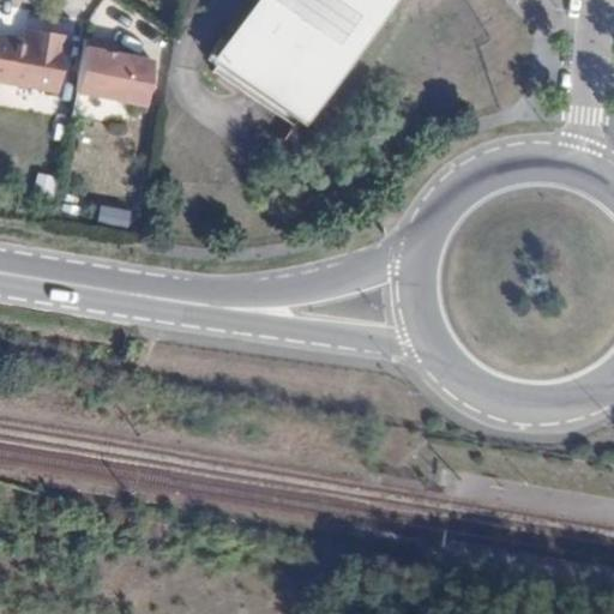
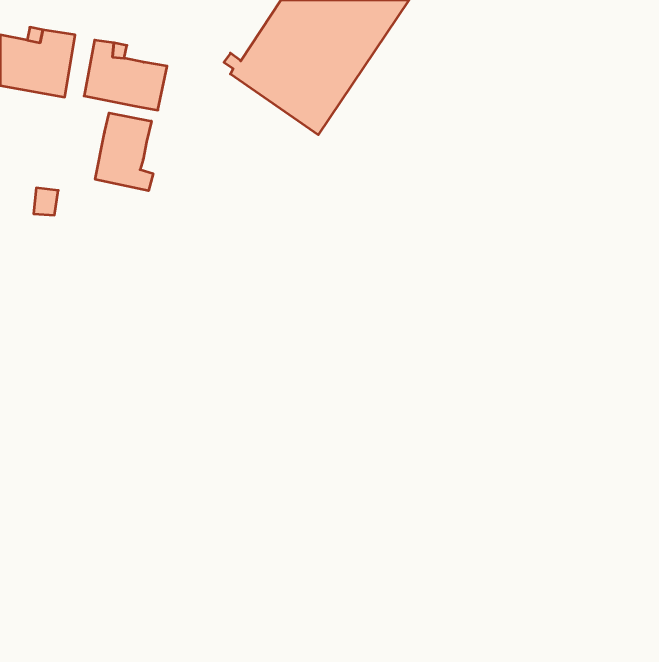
building: none -> [95,113,153,191]

